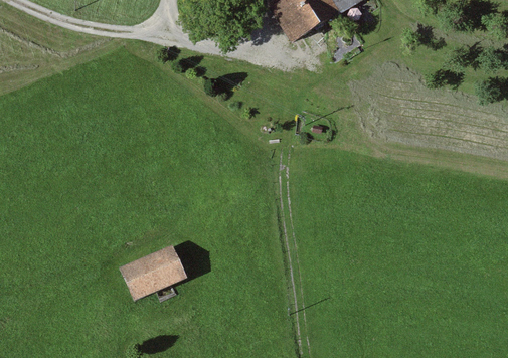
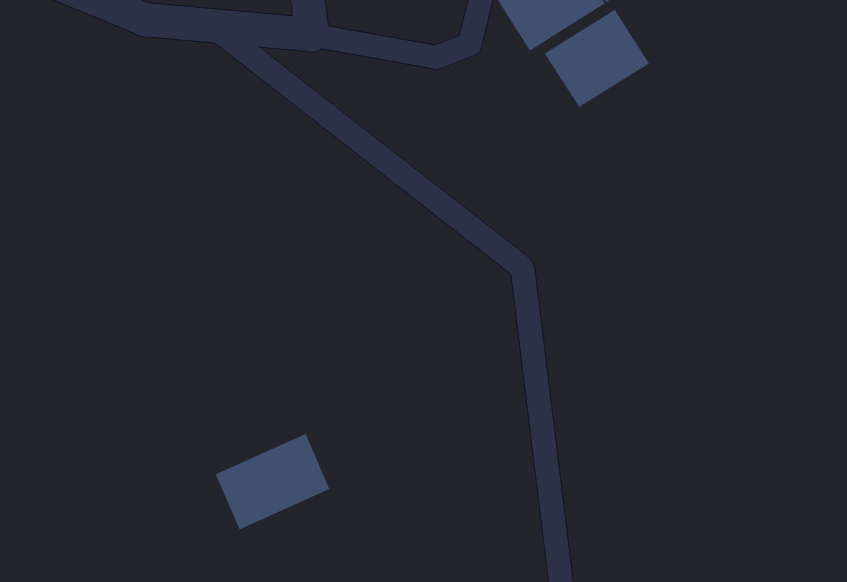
building: none -> [544,9,650,108]

